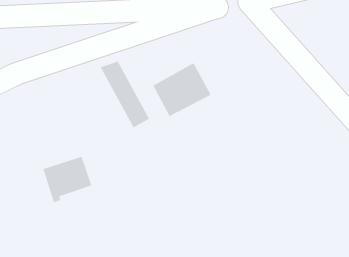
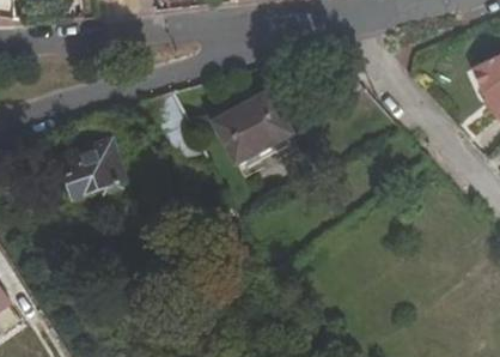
building: [42,156,92,203] -> [62,138,127,199]

